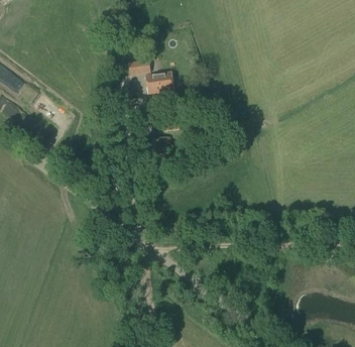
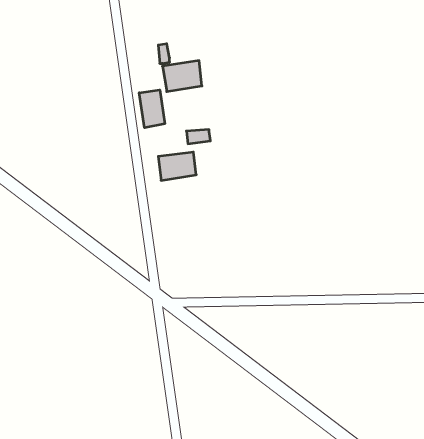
building: none -> [139,90,165,128]

